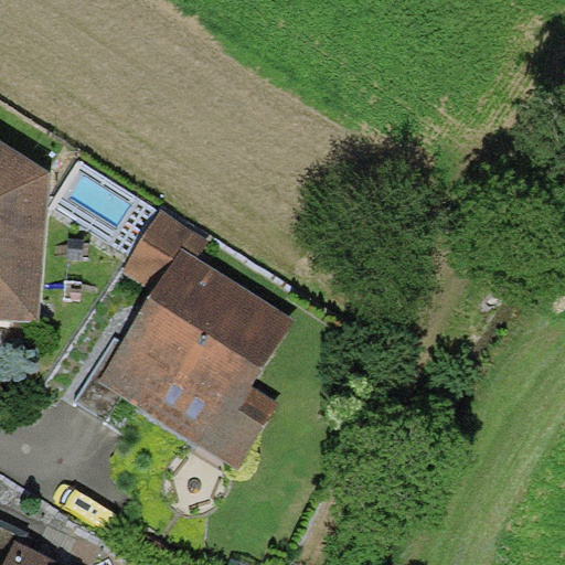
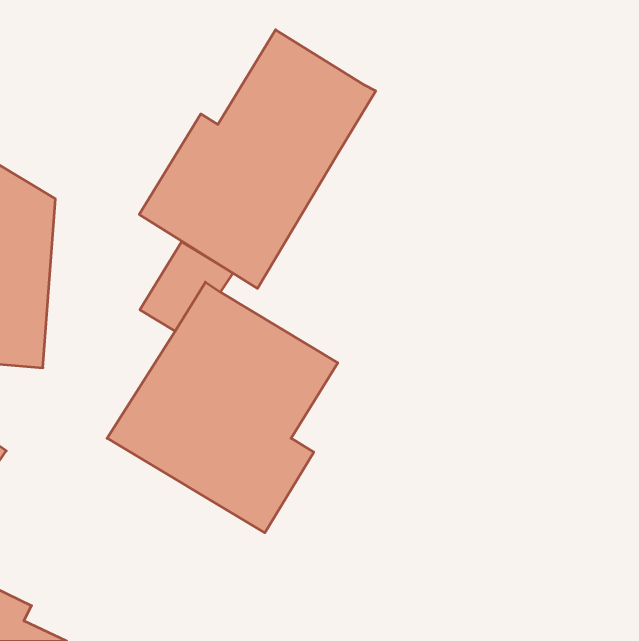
building: none -> [139,30,376,288]

